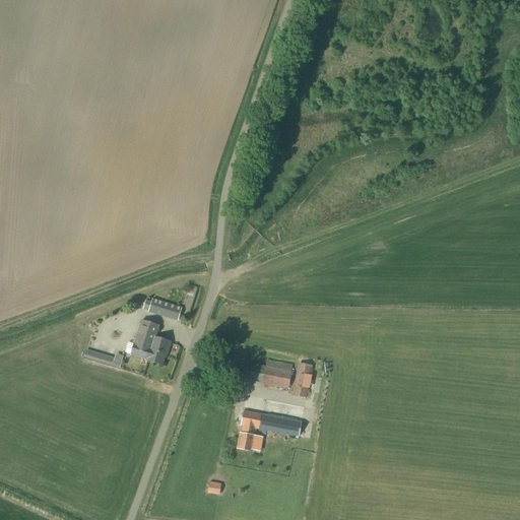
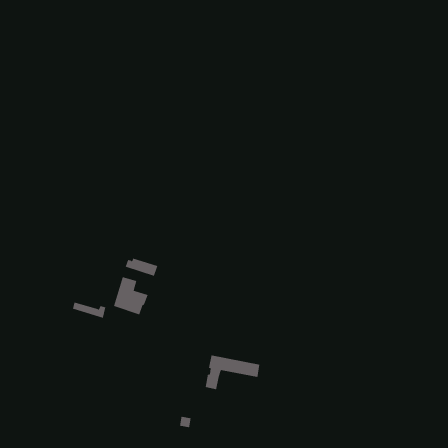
building: [242,358,294,387] -> none
building: [294,362,313,397] -> none

